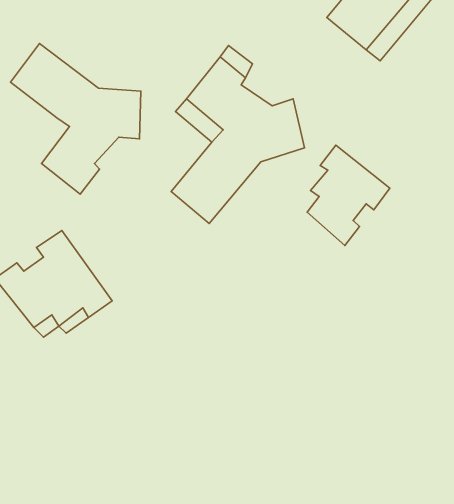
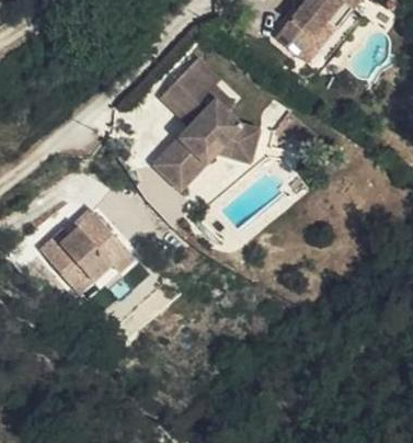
building: [11,44,141,194] -> none
building: [307,145,390,246] -> none

